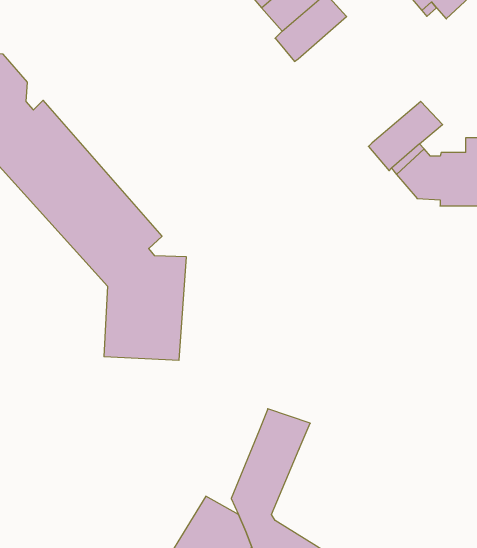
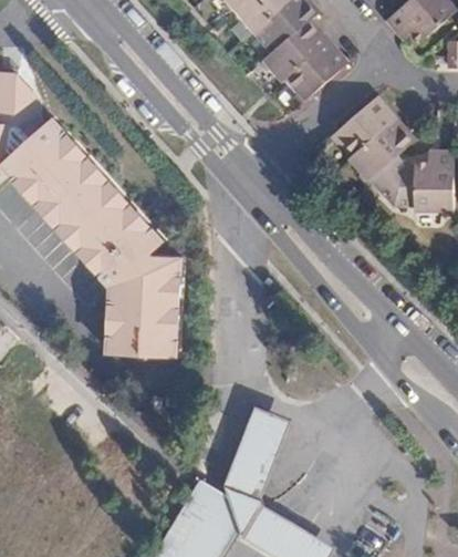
building: none -> [284,40,347,101]
building: none -> [333,95,396,155]

